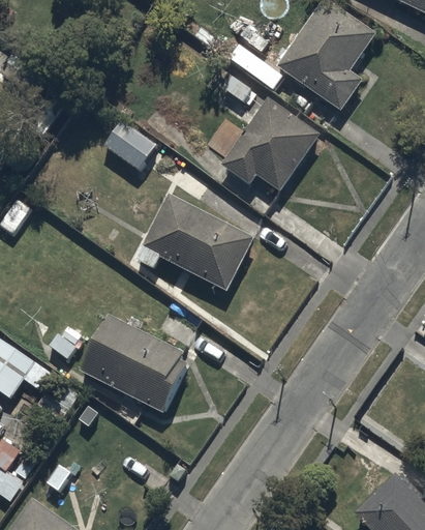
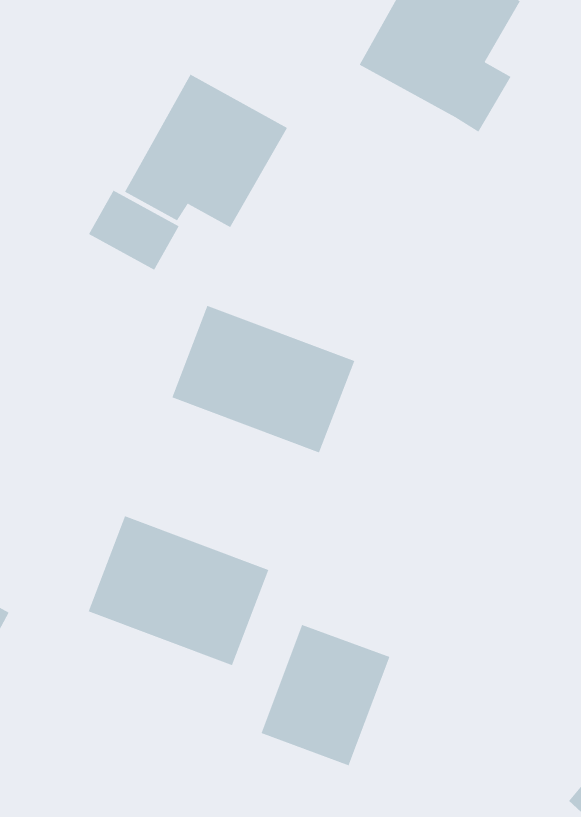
building: [219,96,321,190] -> [124,74,288,228]
building: none -> [261,624,390,766]

